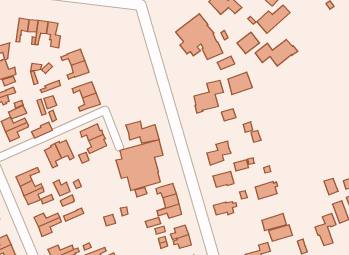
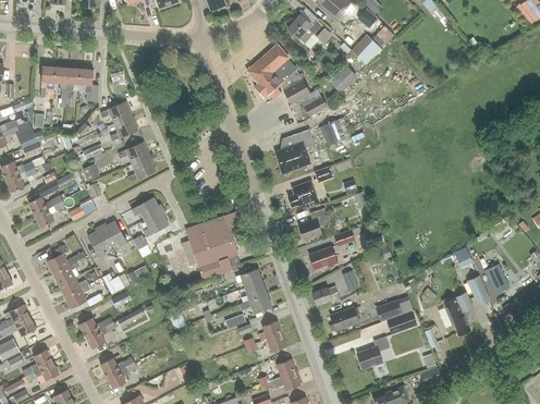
building: [255,39,298,66] -> none
building: none -> [287,181,317,207]
building: [126,121,159,143] -> none
building: none -> [47,245,86,273]
building: [255,182,278,199] -> [330,307,359,331]

